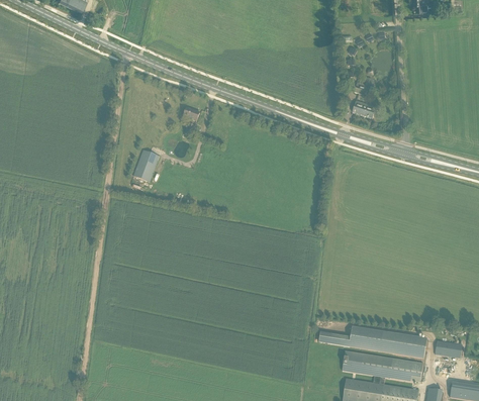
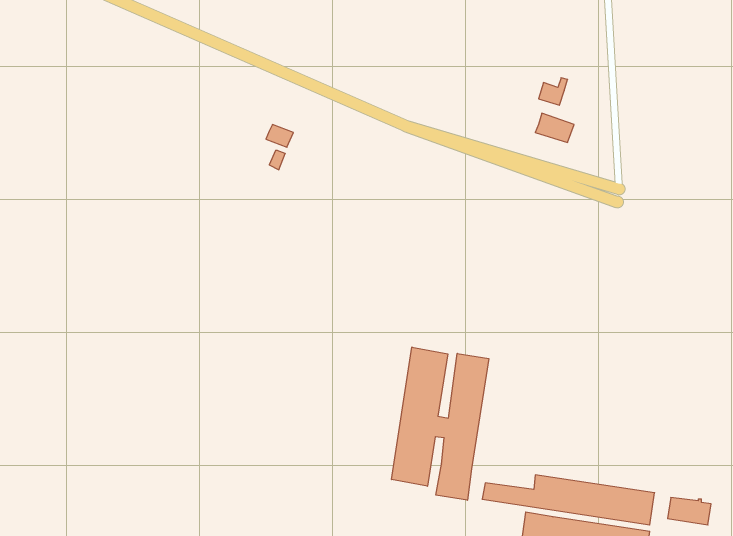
building: [132,148,159,181] -> none
building: none -> [392,347,489,500]

